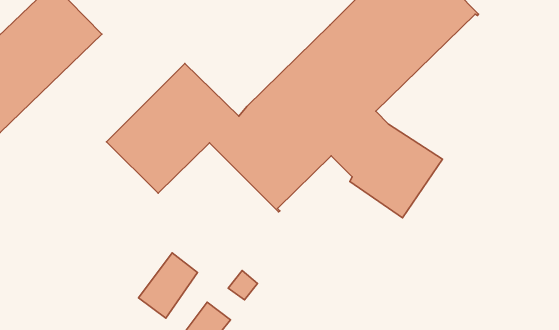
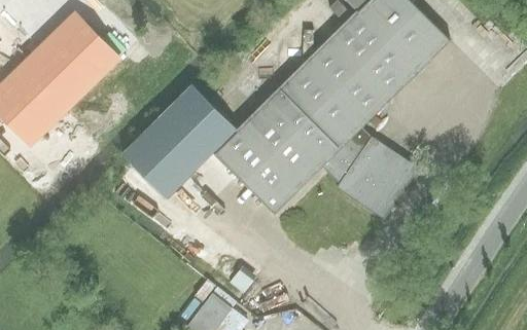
building: [139,253,198,318] -> none

